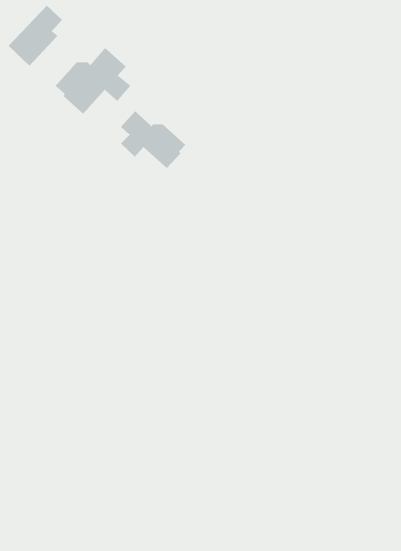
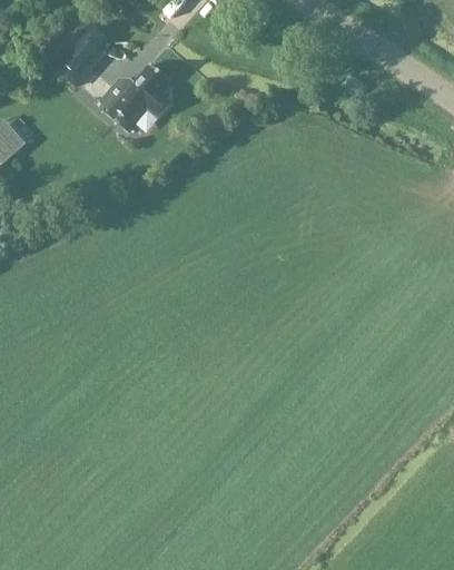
building: [120,110,186,169] -> none

